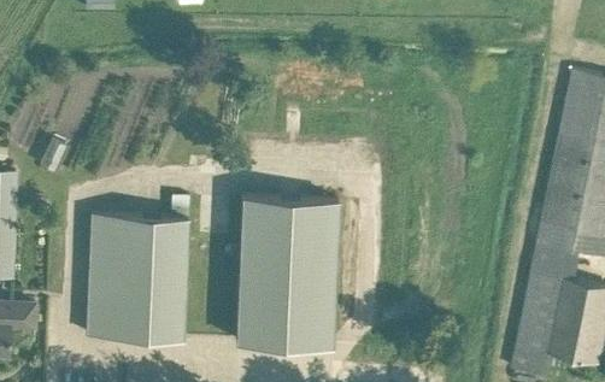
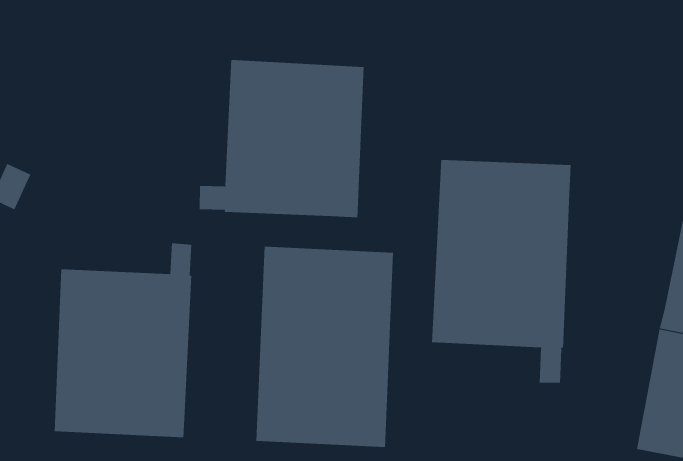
building: none -> [199,59,364,218]
building: none -> [432,159,571,383]

